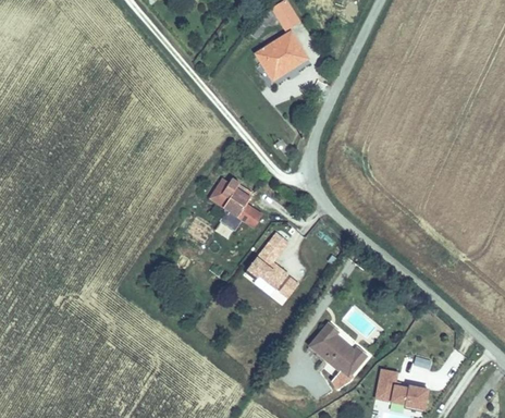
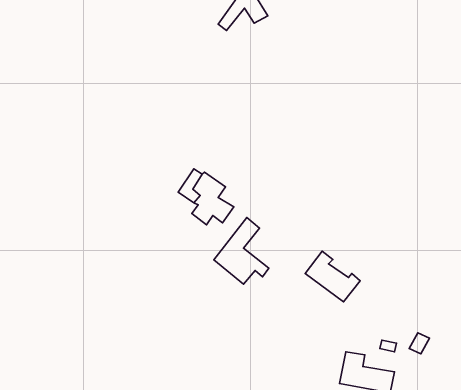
building: [257,33,308,81] -> none
building: [309,324,366,377] -> [305,251,360,302]

